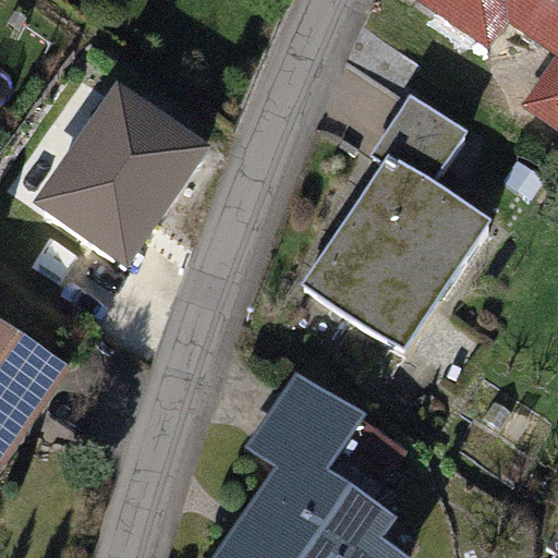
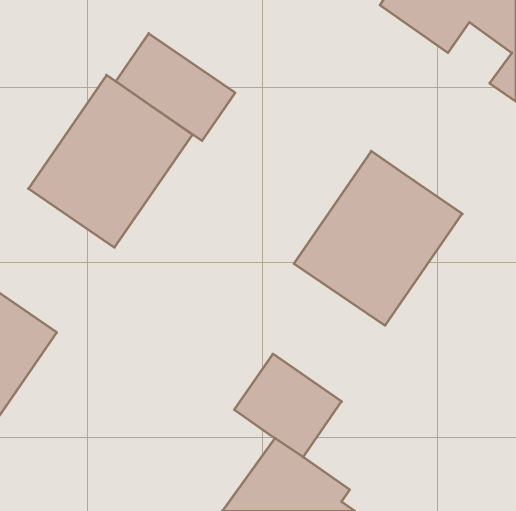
building: none -> [116,33,235,141]
building: [380,93,484,194] -> none

